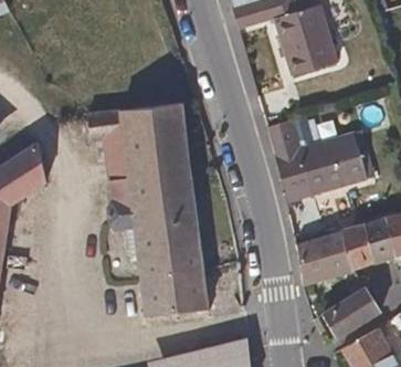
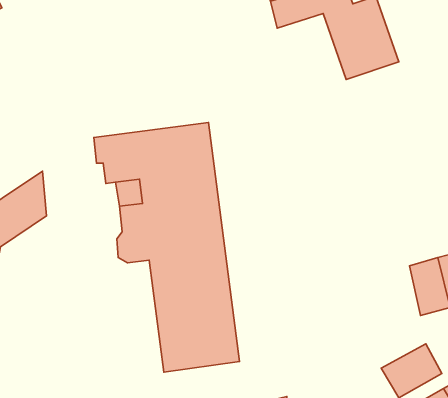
building: [266,119,363,202] -> none
building: [297,228,357,281] -> none

